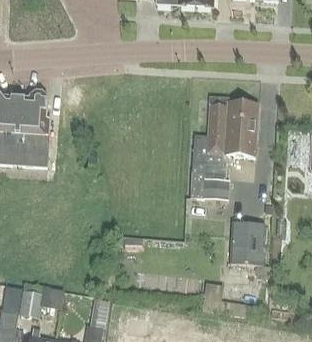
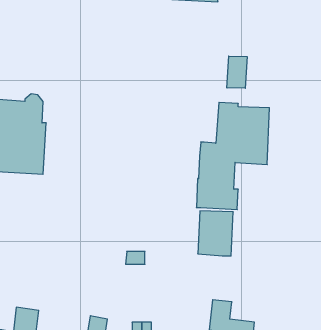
building: none -> [227,56,247,88]
building: [231,222,264,264] -> [198,211,233,256]

